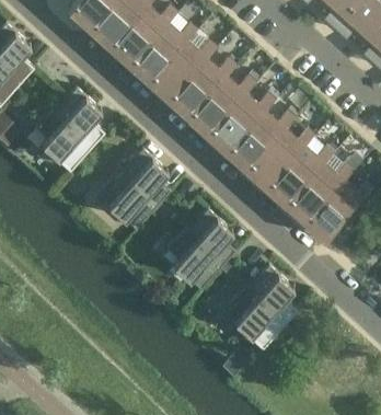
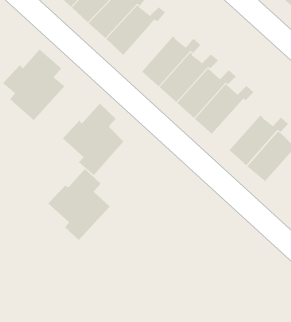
building: [169,47,235,113] -> none
building: [267,143,333,200] -> none
building: [165,208,235,289] -> [47,168,110,241]
building: [227,265,296,346] -> none

